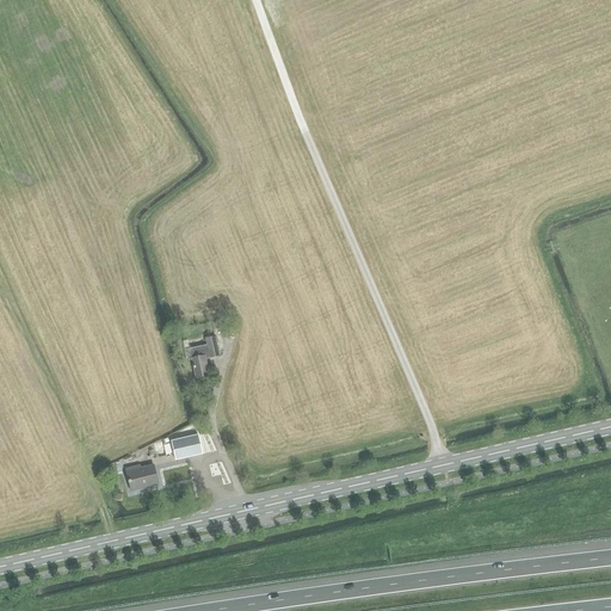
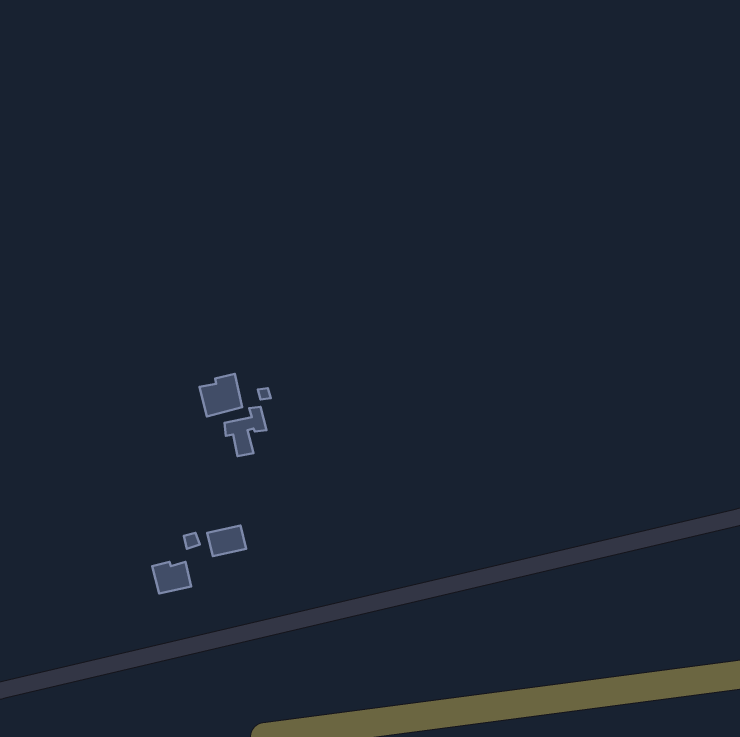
building: none -> [200,374,242,416]

